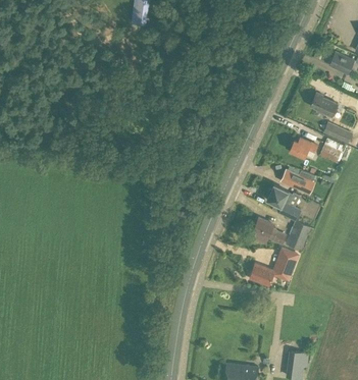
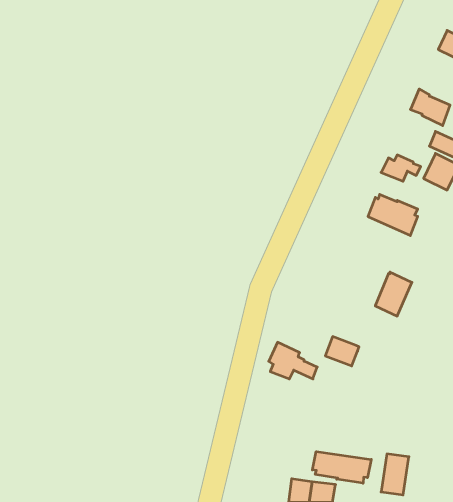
building: [265,183,301,220] -> none
building: [252,217,286,242] -> [269,342,317,379]
building: [276,247,300,280] -> none
building: none -> [312,452,371,483]

